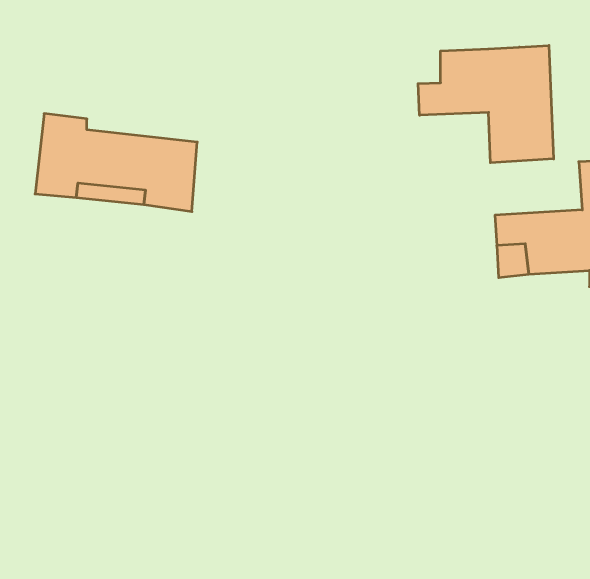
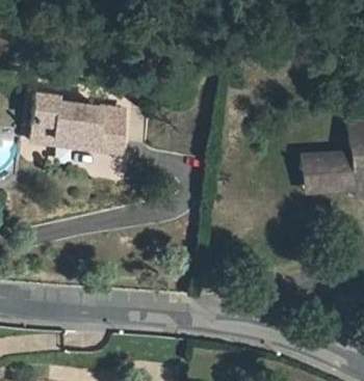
building: [418,45,554,163] -> none

